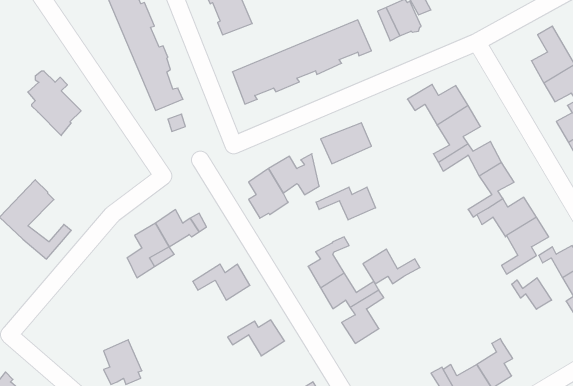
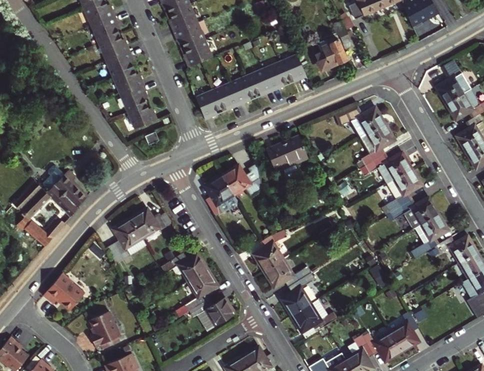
building: [28,71,81,136] -> [42,166,85,218]
building: [316,187,376,220] -> none
building: [363,249,420,284] -> [293,303,339,331]
building: [512,278,552,309] -> none
building: none -> [186,268,218,310]
building: none -> [43,273,85,311]

